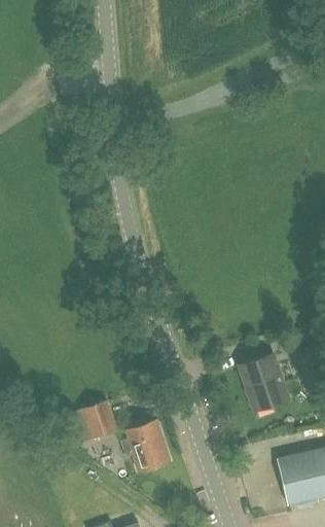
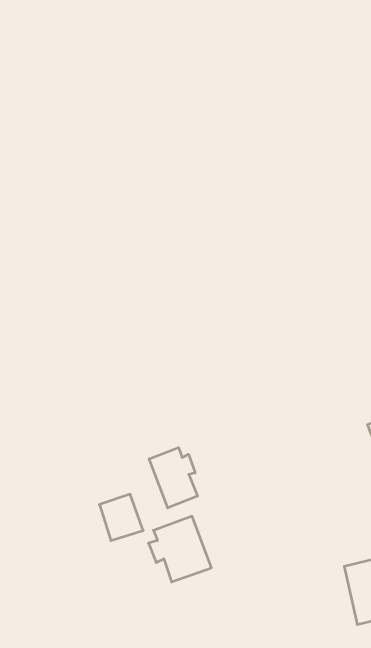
building: [238,350,287,408] -> none
building: none -> [149,448,198,508]

